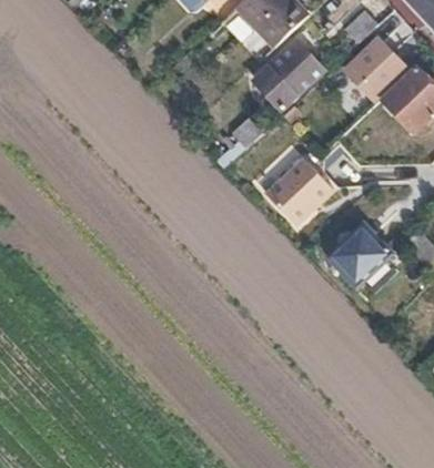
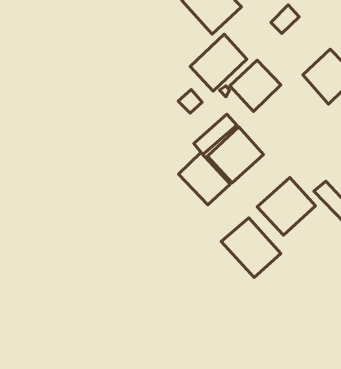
building: [344,37,406,99] -> [230,60,281,111]
building: none -> [179,153,230,205]
building: none -> [221,218,281,278]

